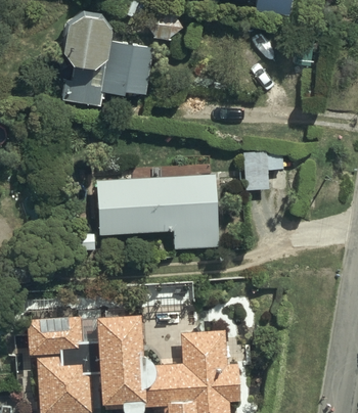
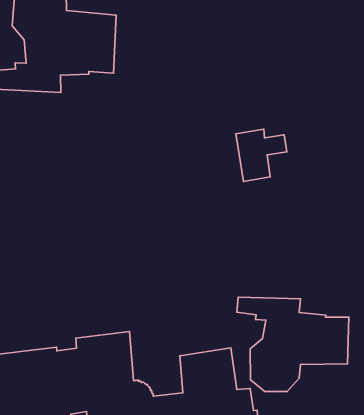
building: [95,173,220,251] -> none
building: none -> [237,297,349,392]

